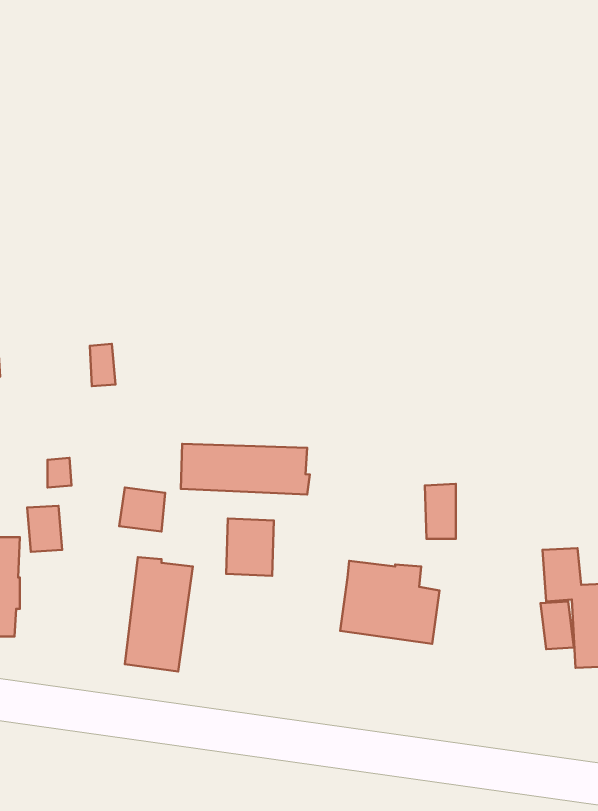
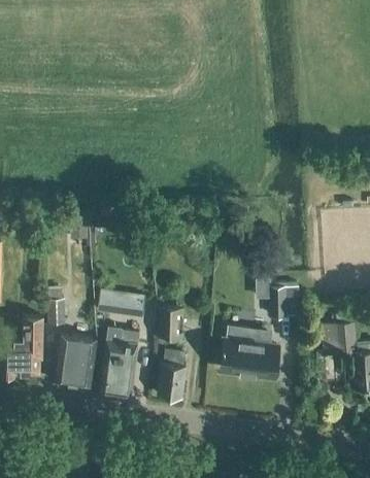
building: [181,444,310,495] -> none
building: none -> [55,336,96,387]
building: none -> [158,351,187,399]

